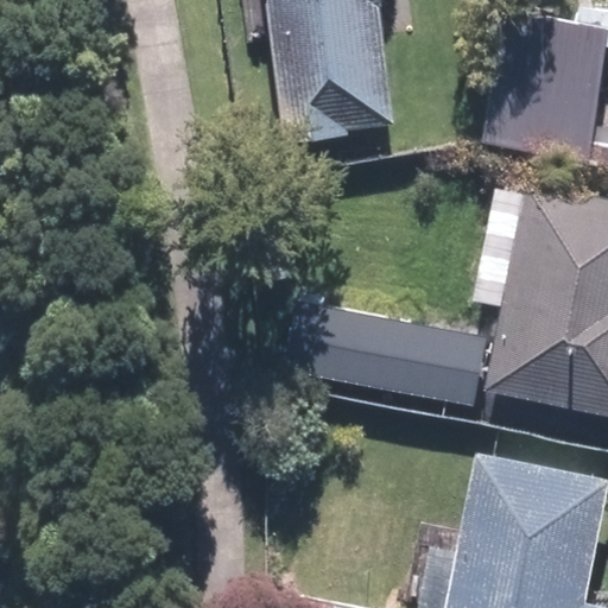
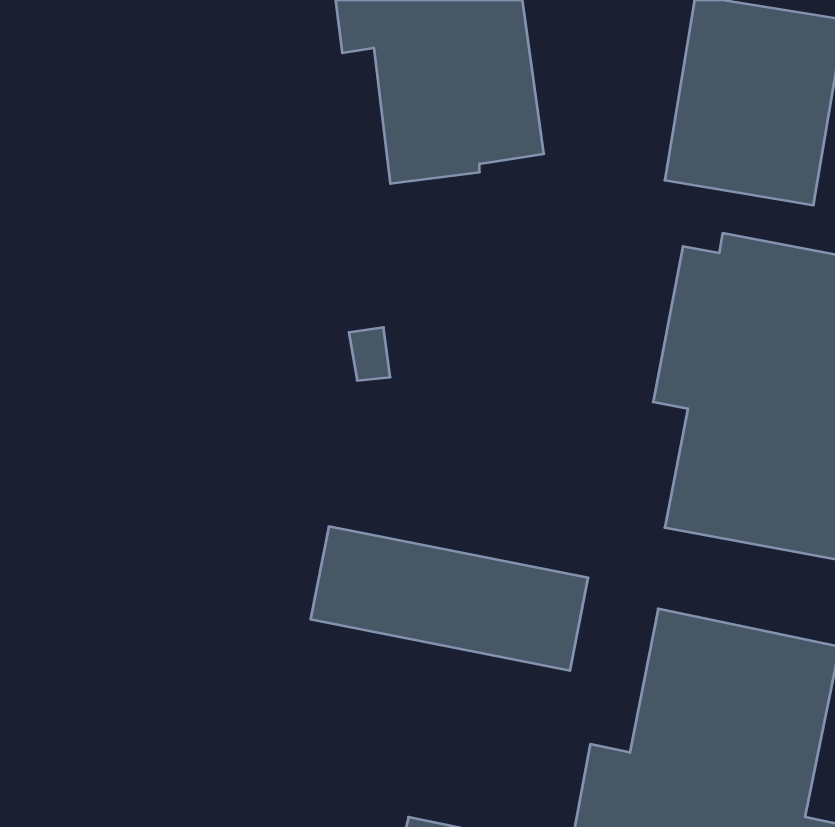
building: [290,305,489,408] -> [311,527,588,671]

